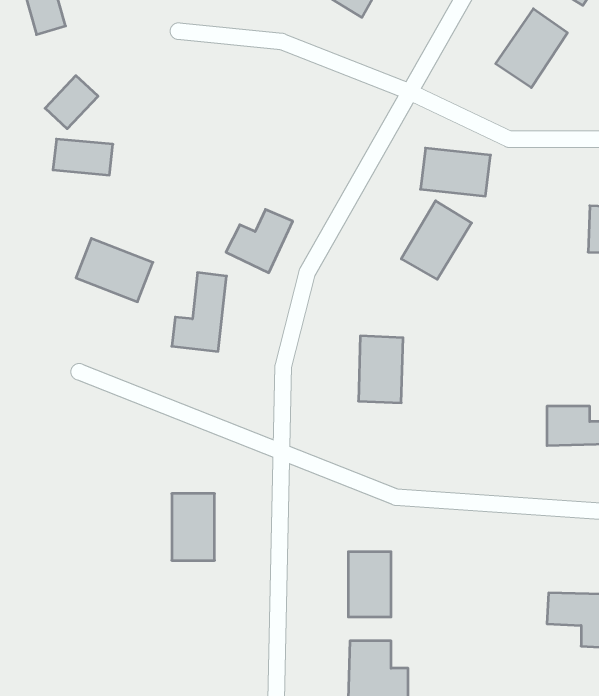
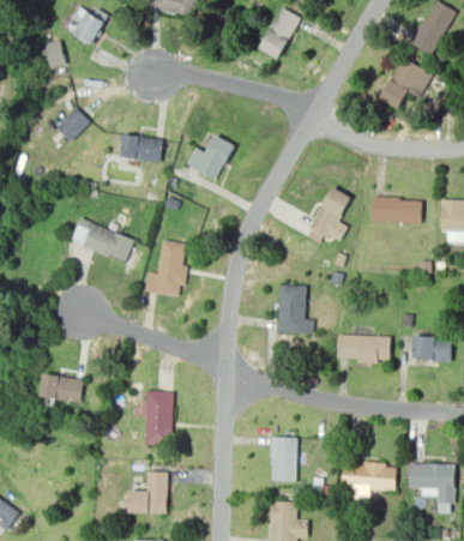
building: [53,139,113,175] -> [121,134,163,160]
building: [420,148,491,196] -> [369,194,418,228]
building: [226,209,293,273] -> [186,133,233,178]
building: none -> [336,333,391,361]
building: none -> [37,369,88,404]
building: none -> [342,462,397,488]
building: none -> [126,469,169,518]

